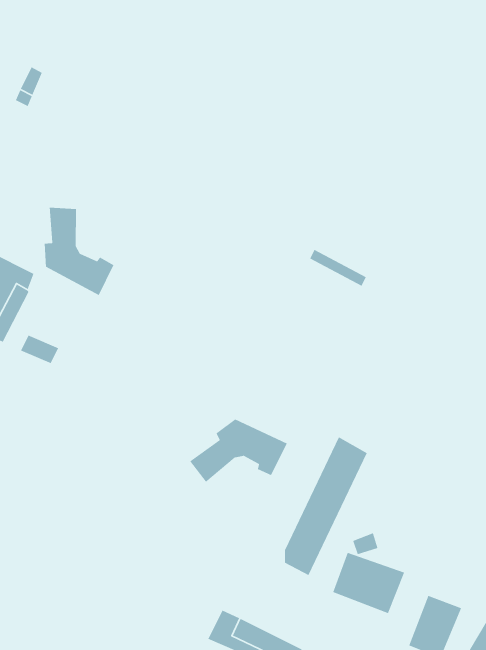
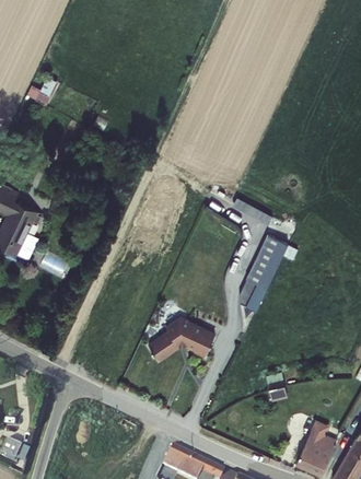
building: [44,207,115,296] -> none
building: [284,436,368,576] -> [238,221,294,314]
building: [332,552,405,614] -> none

